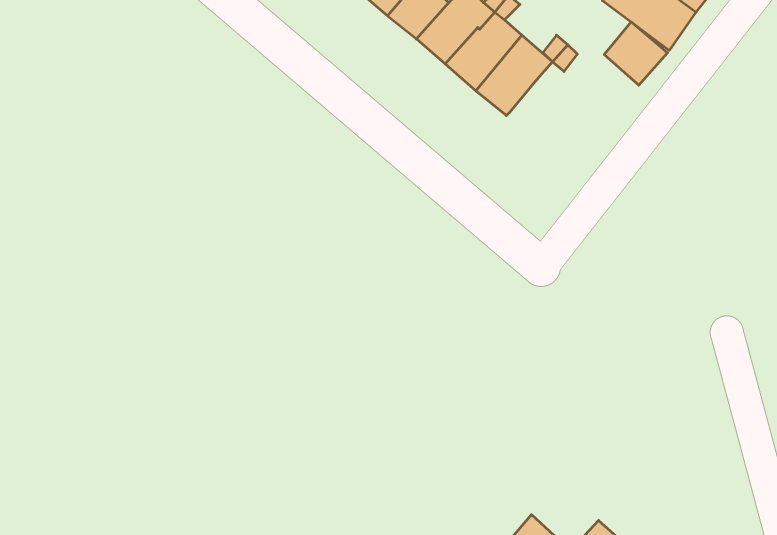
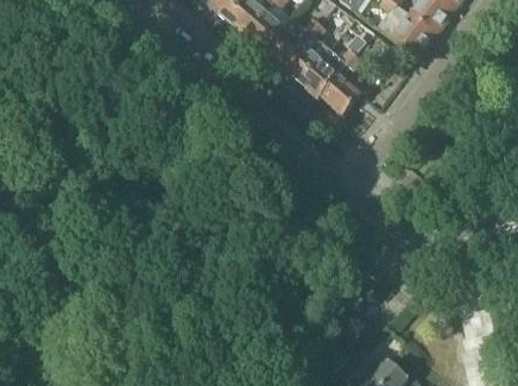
building: [604,22,668,85] -> [321,75,360,114]

